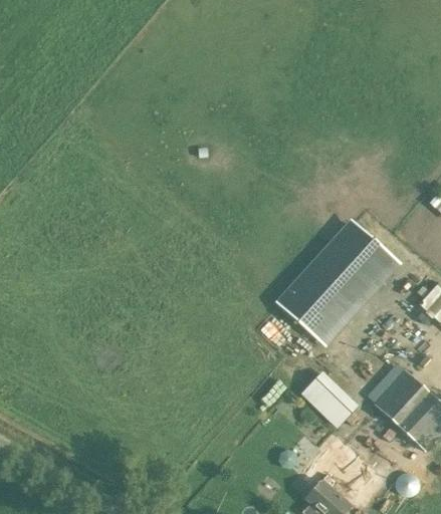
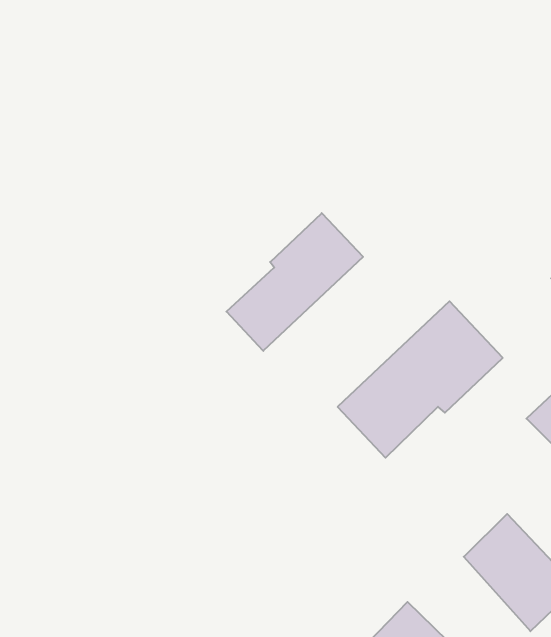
building: none -> [226,213,363,351]
building: [295,368,355,427] -> none

